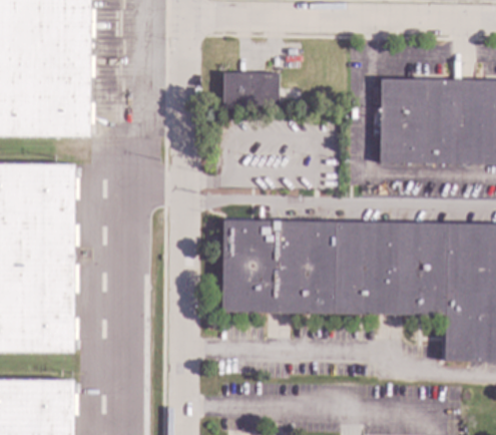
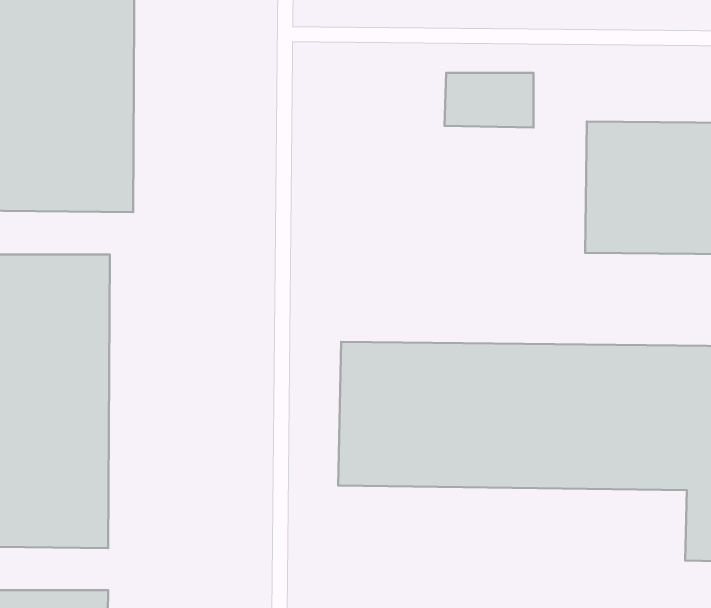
building: [221,73,279,108] -> [444,73,534,128]

